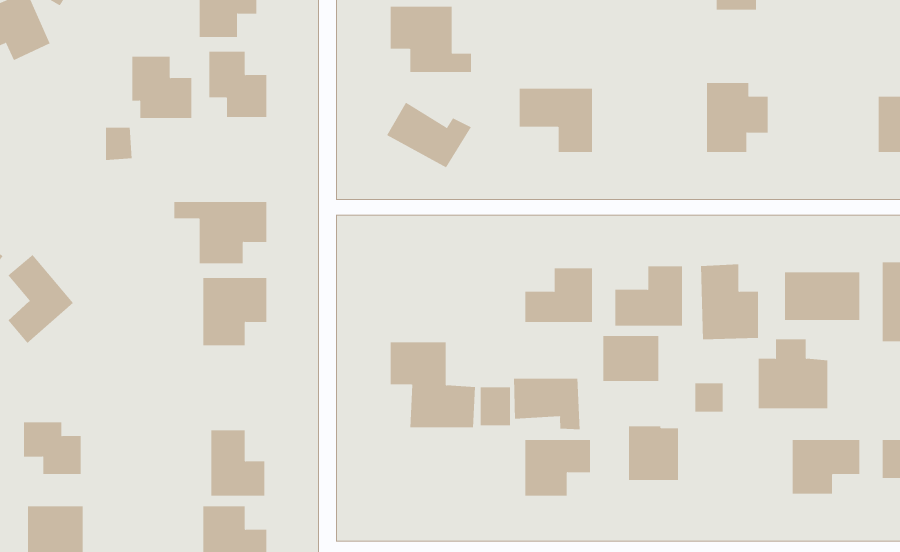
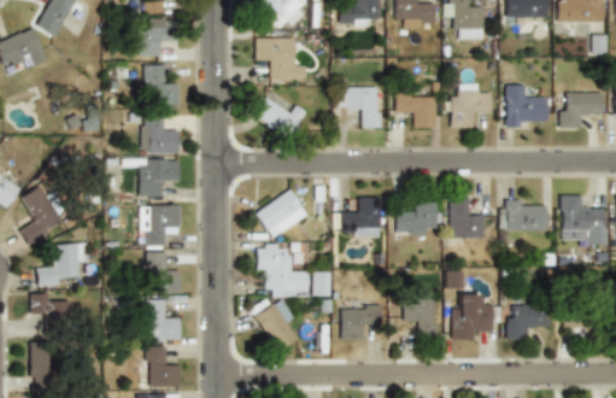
building: [132,56,192,119] -> [143,115,181,153]
building: none -> [395,83,435,123]
building: none -> [505,84,547,127]
building: none -> [256,189,309,239]
building: [603,335,659,382] -> none
building: none -> [36,242,88,287]
building: [758,339,828,409] -> [451,294,494,338]
building: none -> [146,252,181,293]
building: [514,378,580,430] -> none
building: none -> [254,298,297,352]

